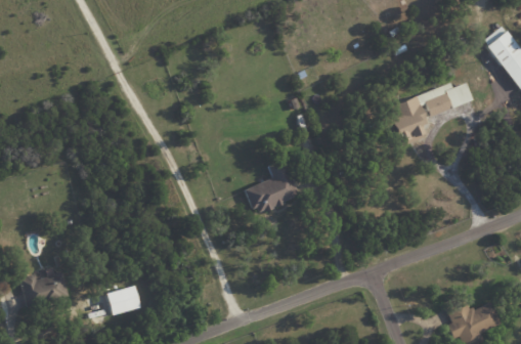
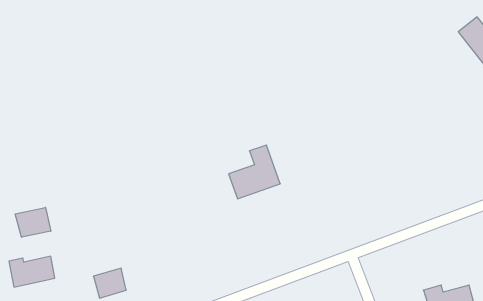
building: [387,83,474,145] -> none
building: none -> [15,207,51,237]

